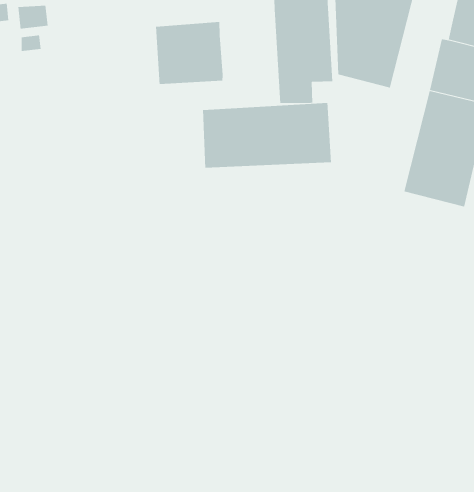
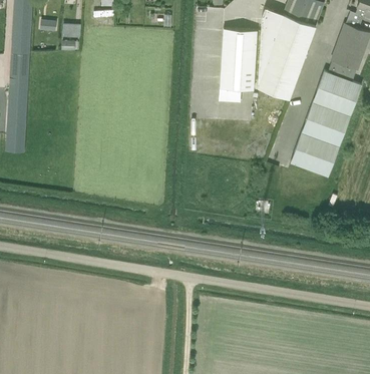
building: [156,21,223,85] -> none
building: [202,102,331,169] -> none

